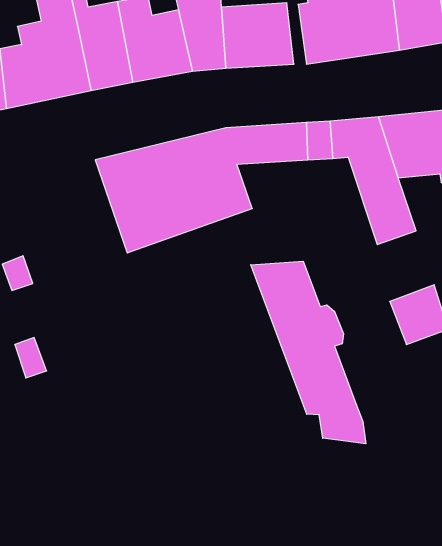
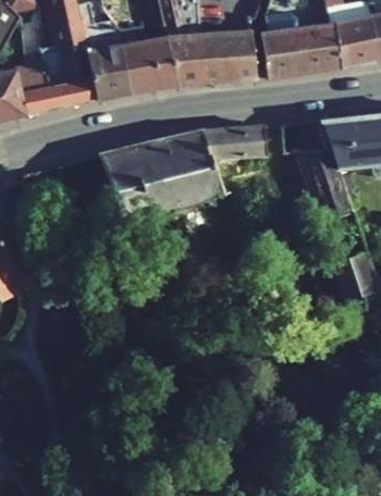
building: [251,261,366,444] -> none

